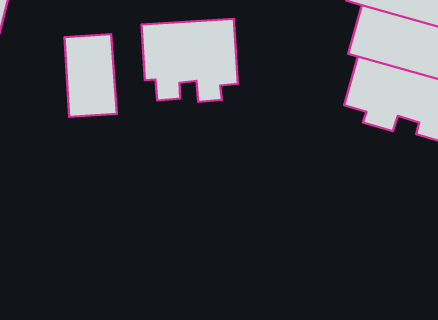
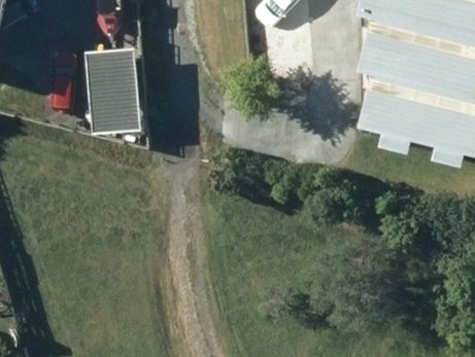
building: [142,19,238,102] -> none

